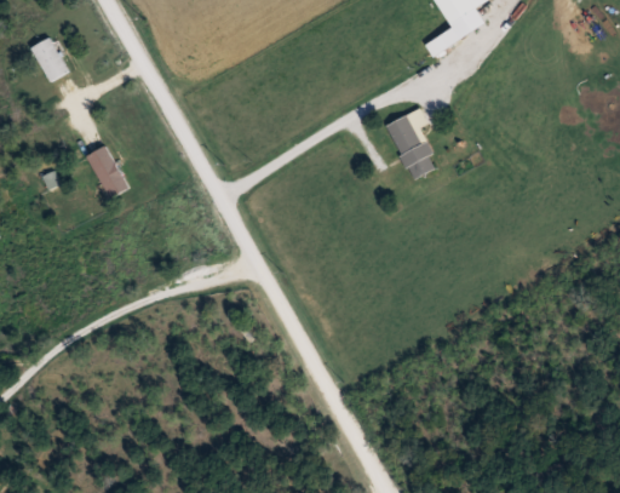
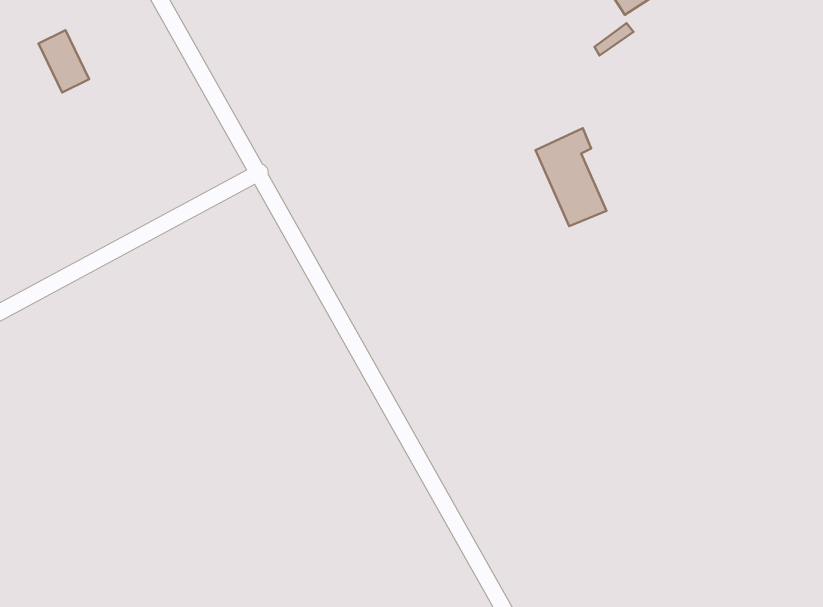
building: [87,144,128,197] -> none

